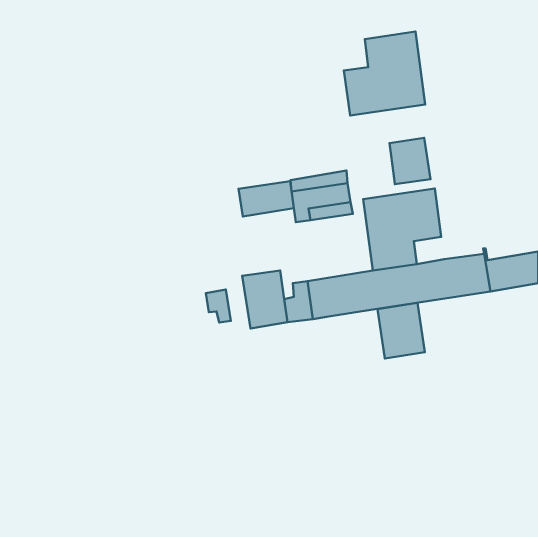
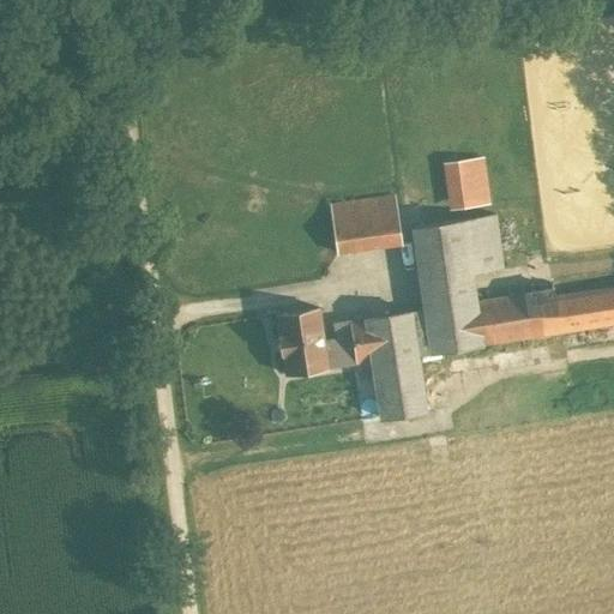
building: [344,31,425,116] -> none
building: [239,181,294,216] -> none
building: [206,290,231,323] -> none
building: [377,303,425,359] -> [372,355,426,419]

